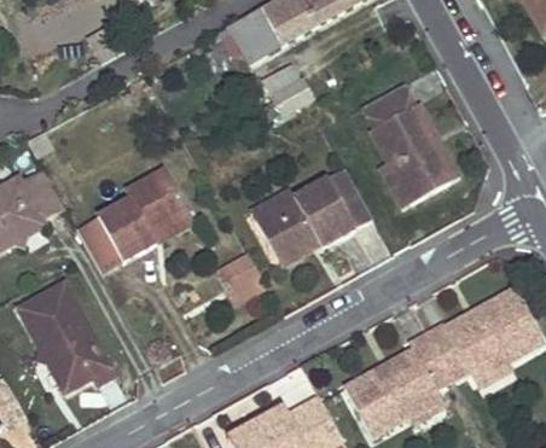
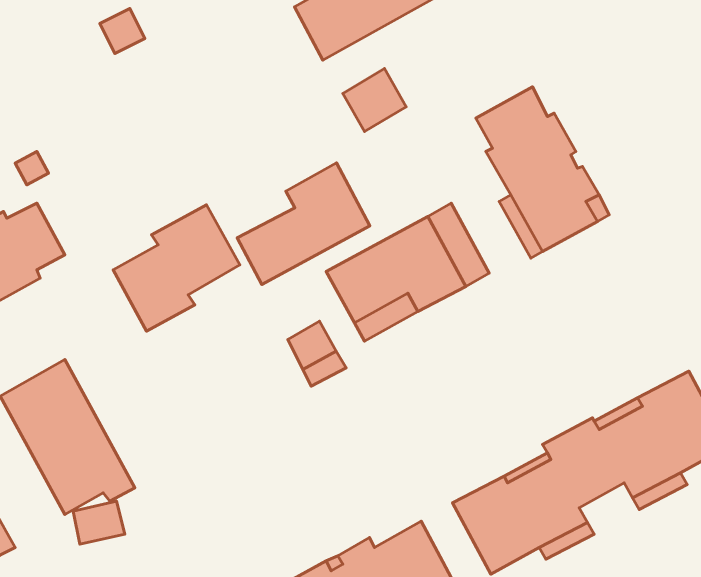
building: none -> [237,163,370,284]
building: [76,215,122,272] -> none

